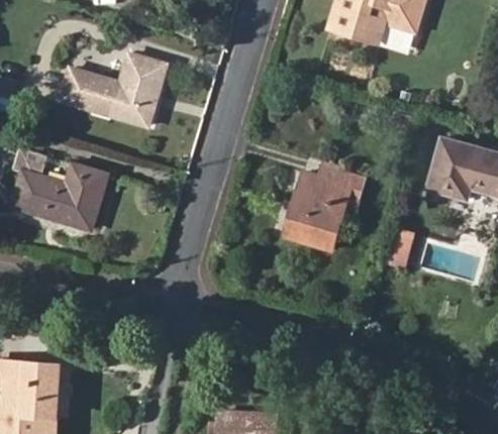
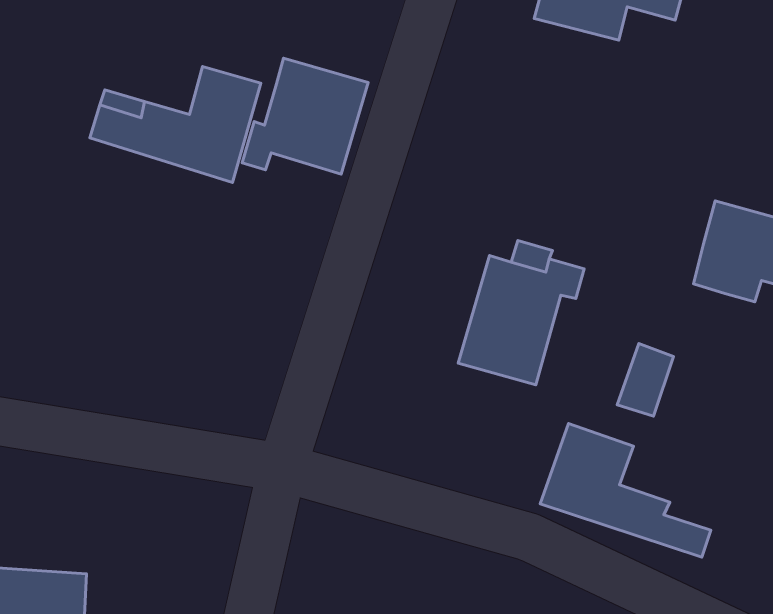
building: none -> [242,58,368,174]
building: [12,148,107,229] -> none
building: none -> [540,423,711,557]

